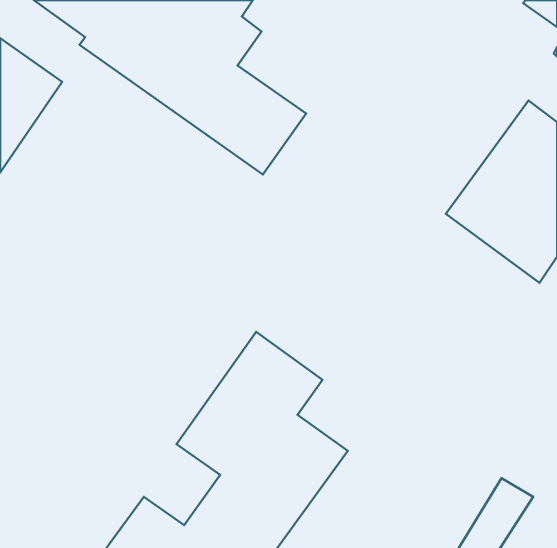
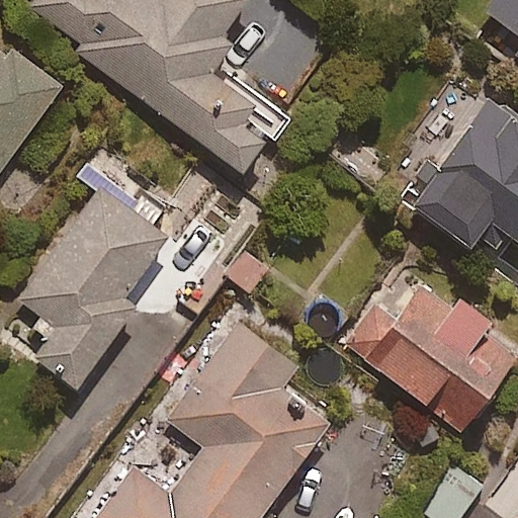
building: none -> [18,171,171,387]
building: none -> [348,282,511,428]

